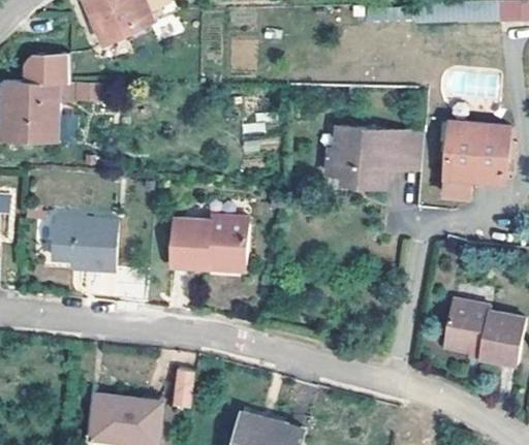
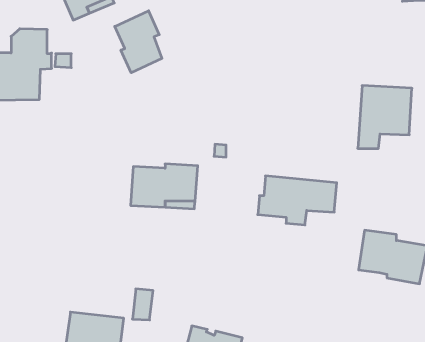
building: none -> [115,11,162,73]
building: [324,126,419,185] -> [258,176,337,225]
building: [52,216,117,269] -> none

